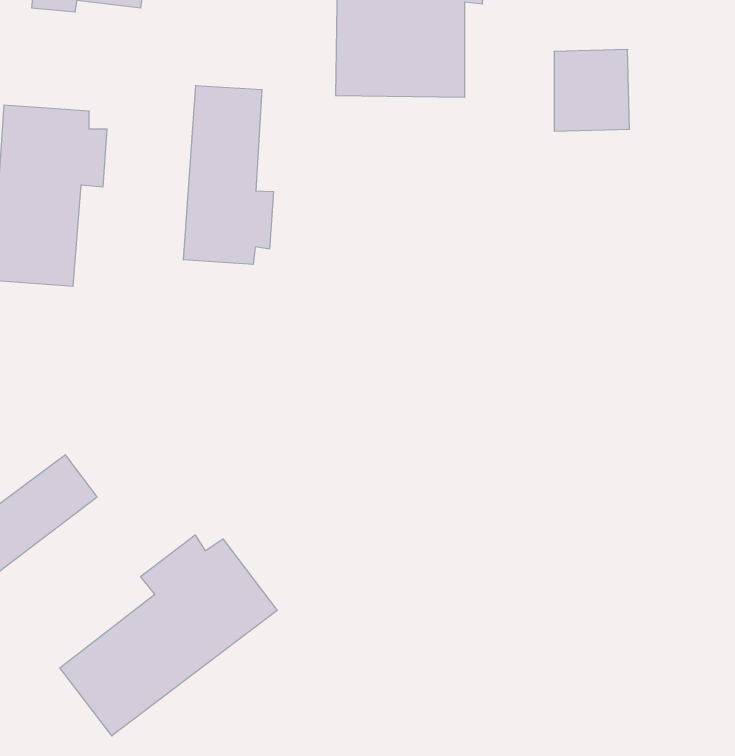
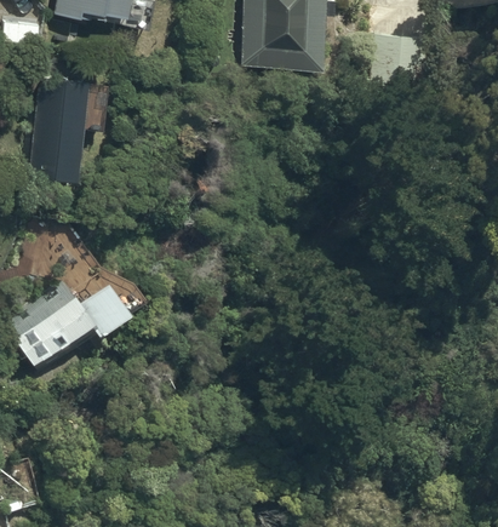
building: [184,85,274,265] -> none
building: [60,535,277,736] -> none

